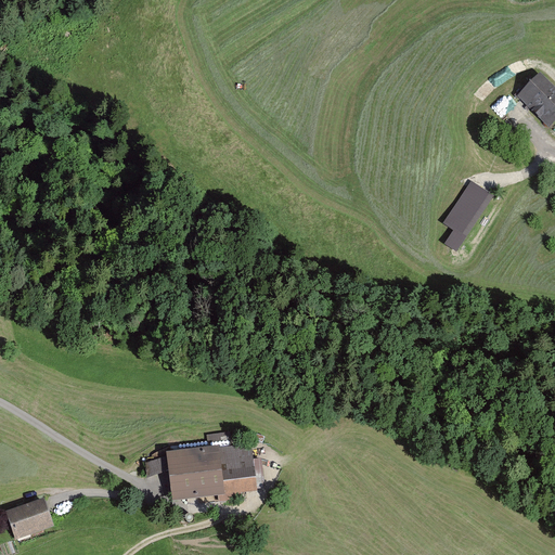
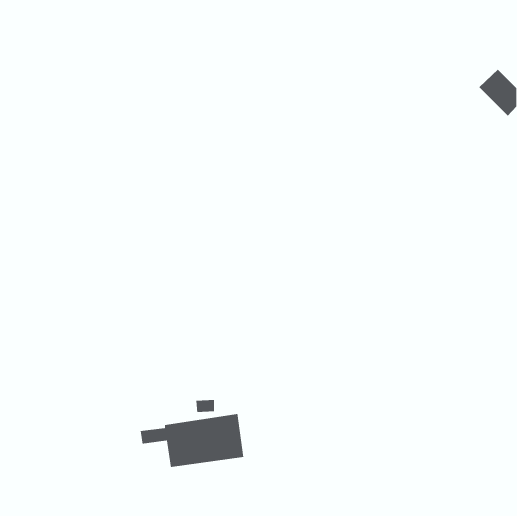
building: [442,180,492,248] -> none
building: [12,501,56,538] -> none

